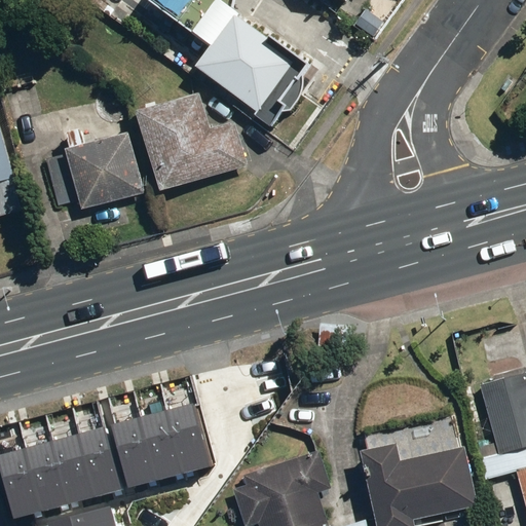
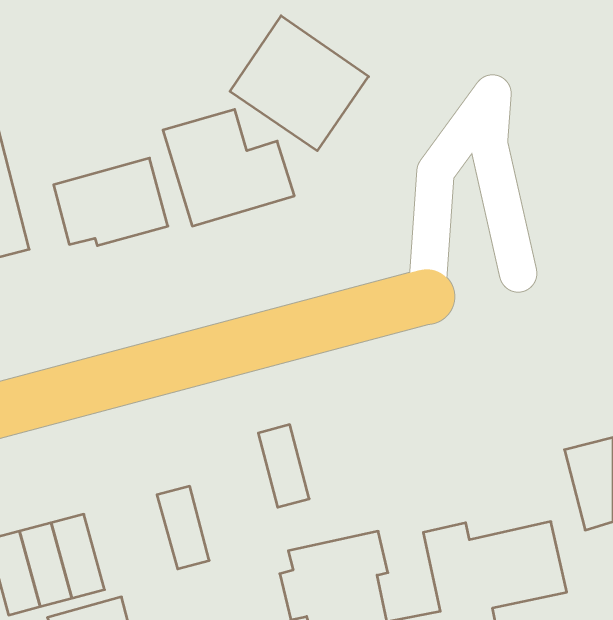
building: [160,405,203,475] -> [258,425,309,507]
building: [106,419,150,489] -> none
building: [71,428,115,499] -> none

